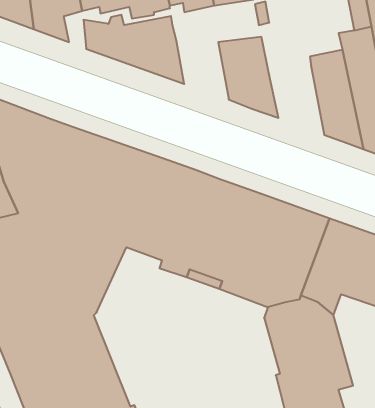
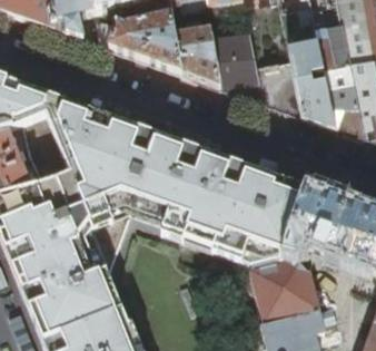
building: none -> [176,31,220,87]
building: none -> [255,59,301,117]

